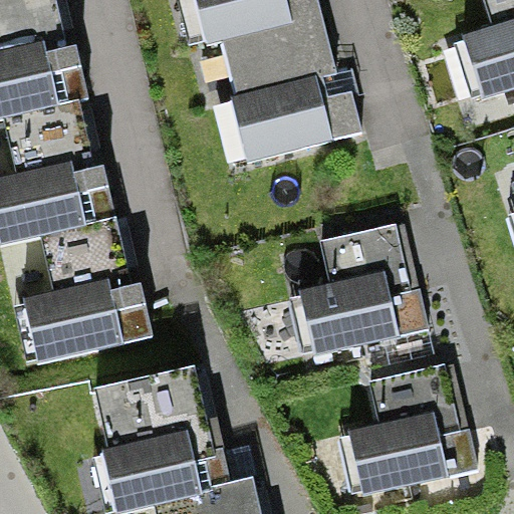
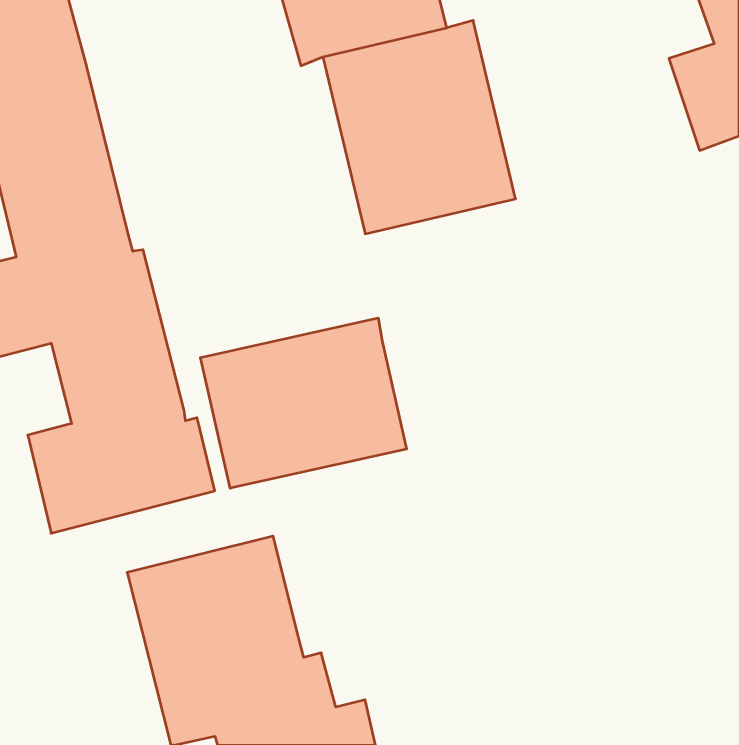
building: none -> [200,318,407,488]
building: [291,226,417,351] -> none
building: [343,367,465,494] -> none

